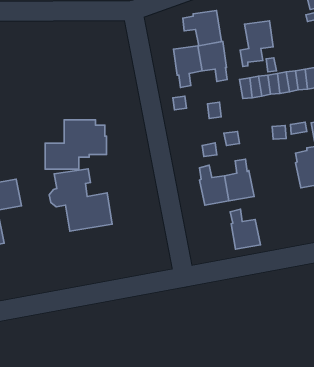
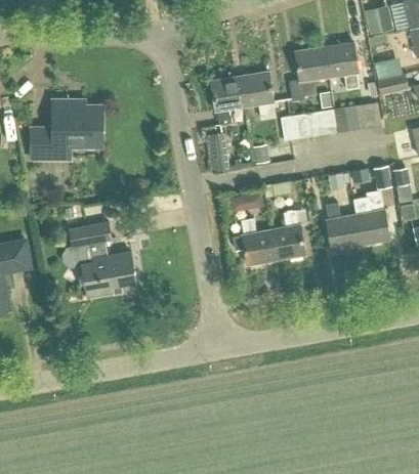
building: [183,11,222,46] -> none
building: none -> [324,42,358,89]
building: [45,120,107,169] -> [30,100,102,159]
building: [230,209,260,249] -> [325,203,361,250]

